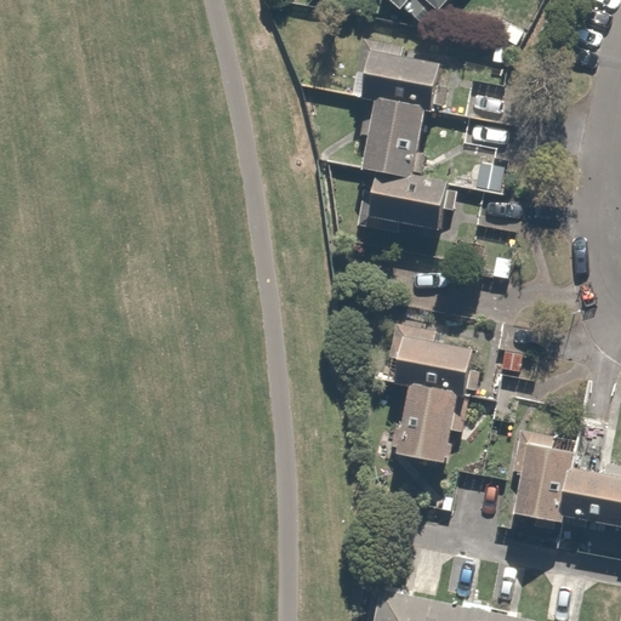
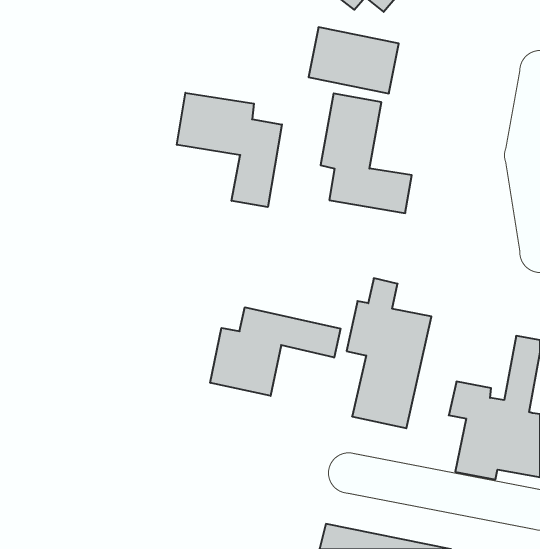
building: none -> [177,93,282,207]
building: none -> [210,307,341,396]

